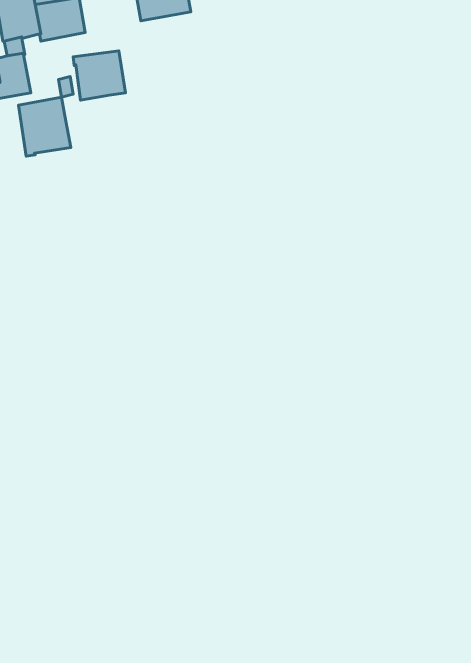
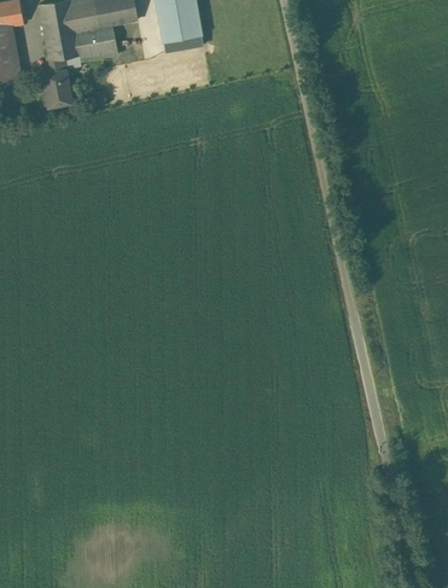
building: [73,51,126,100] -> none
building: [19,97,71,156] -> none

